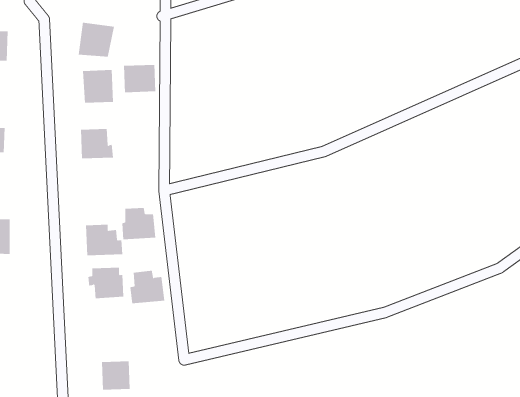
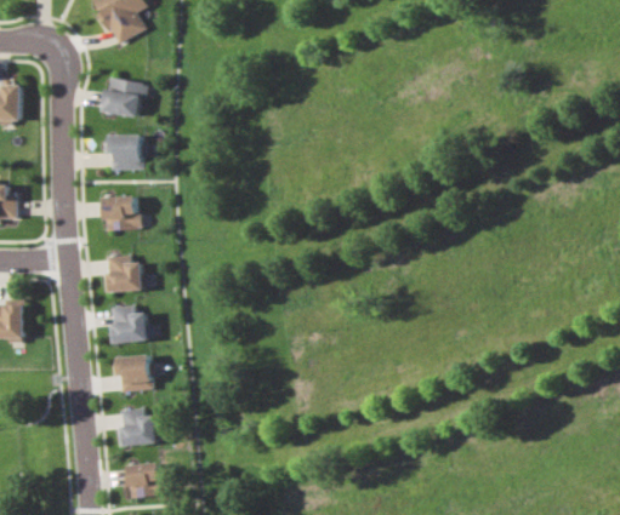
building: [124,64,156,93] -> none
building: [121,207,156,240] -> [103,256,143,293]
building: [130,270,165,304] -> [116,408,158,447]

